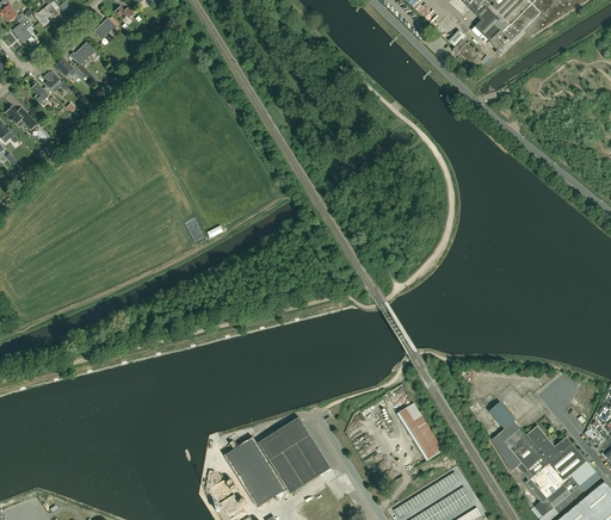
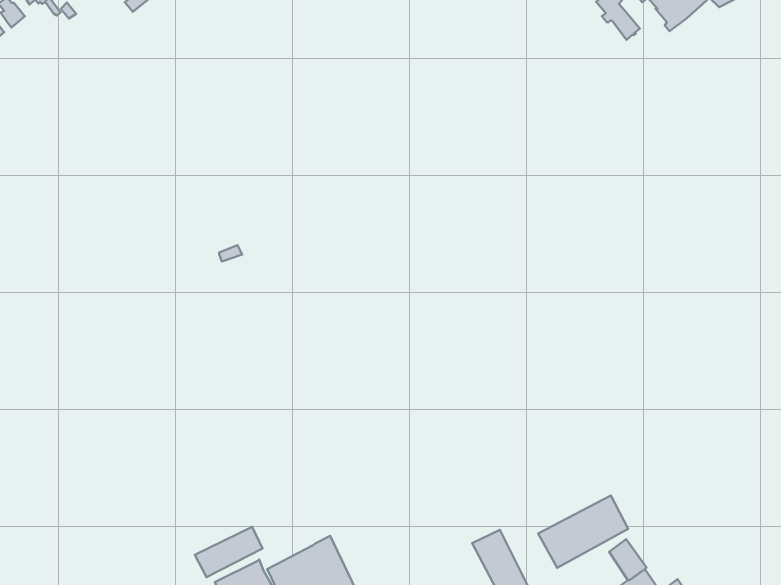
building: none -> [538,496,628,568]
building: none -> [195,527,263,577]

